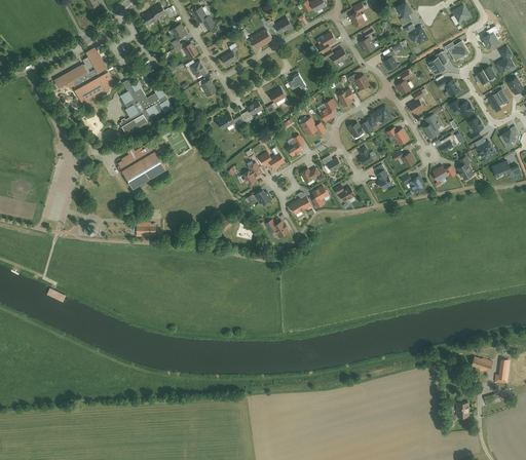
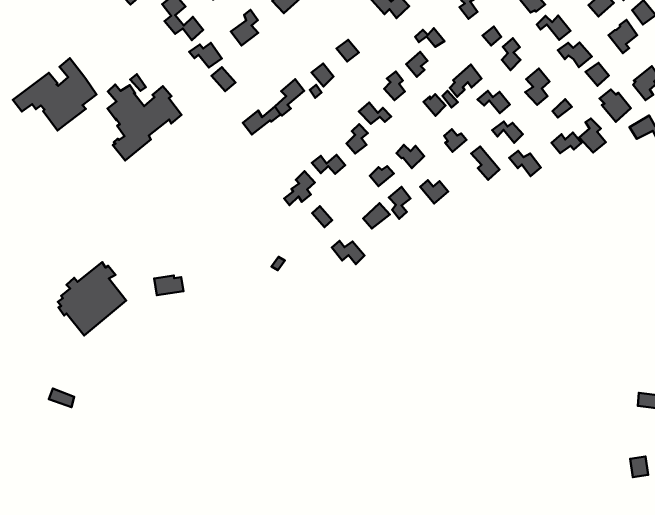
building: [118,141,167,191] -> [58,262,126,335]

